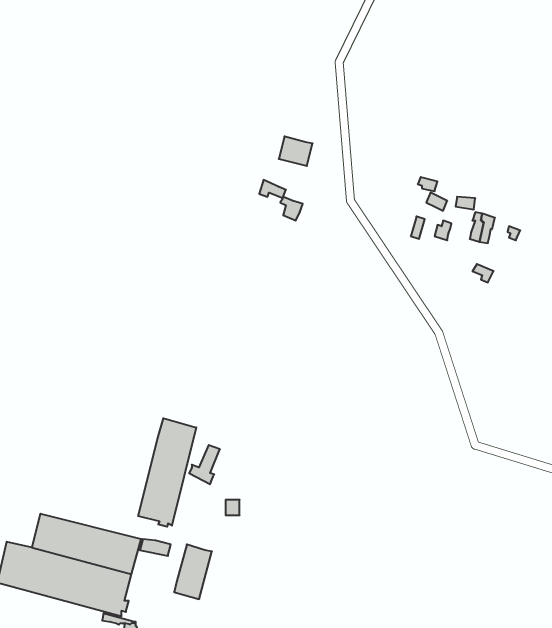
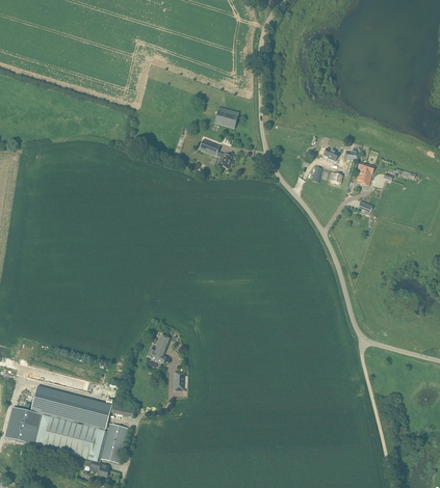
building: [138,418,196,527] -> none
building: [174,544,212,599] -> [101,423,129,463]

